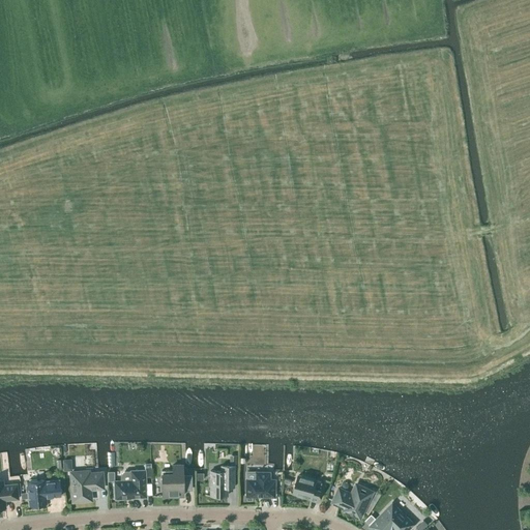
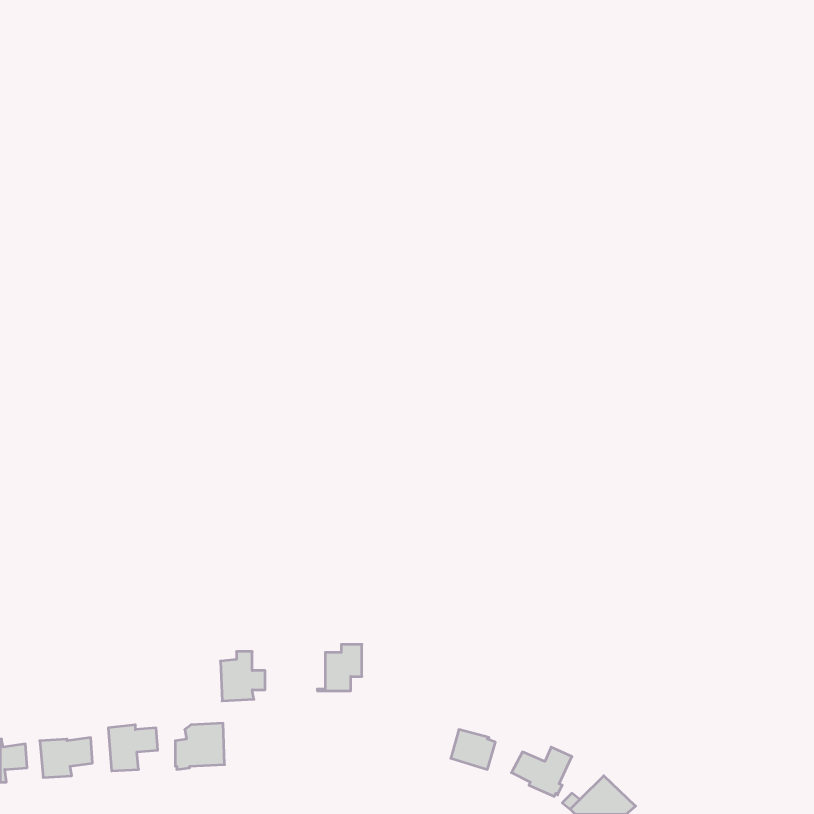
building: [161,465,190,497] -> [220,652,265,701]
building: [205,466,234,496] -> [317,644,362,691]
building: [246,473,274,497] -> none

